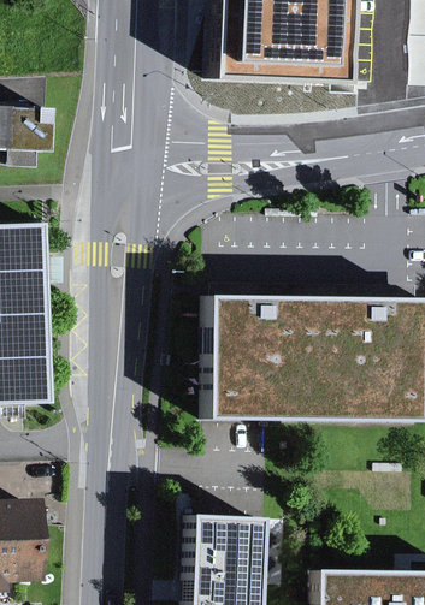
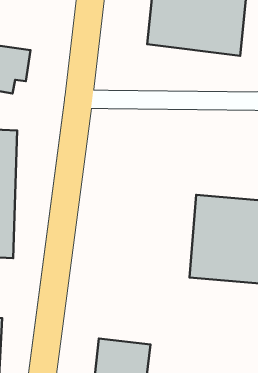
building: [203,293,311,415] -> none

